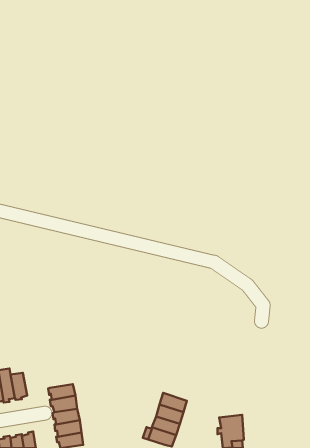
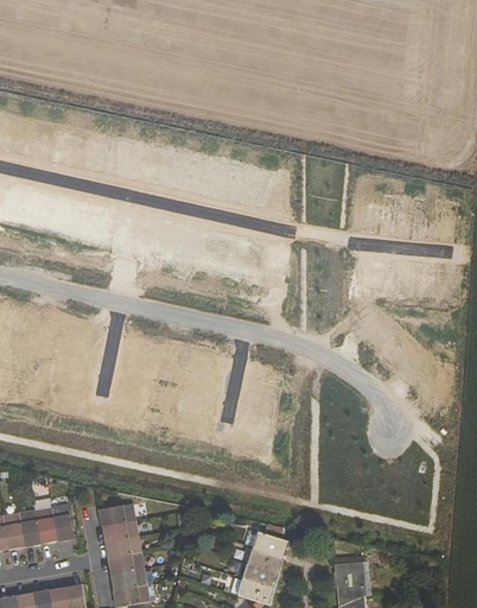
building: none -> [98,504,134,525]

